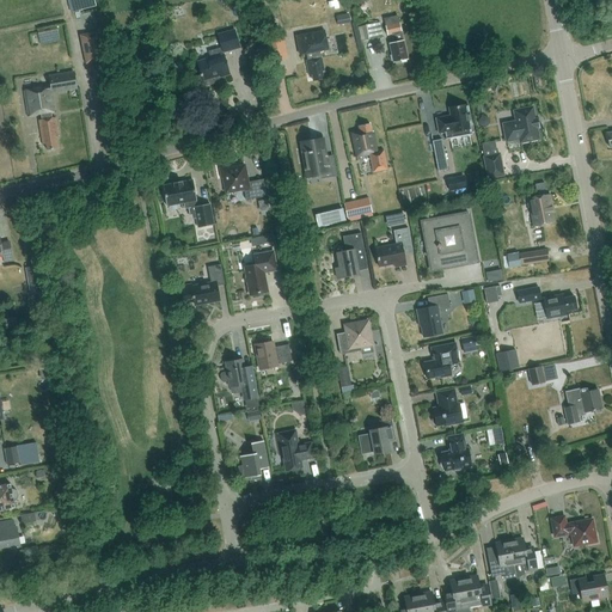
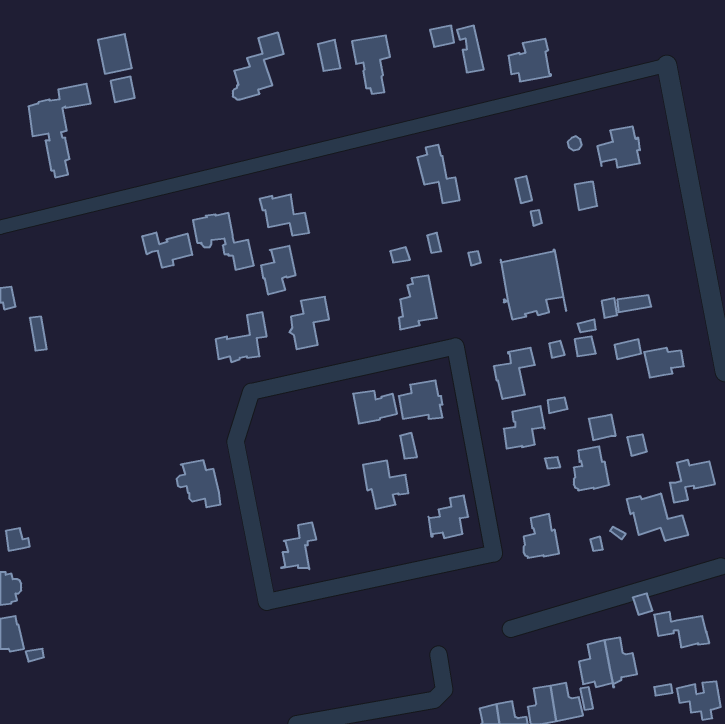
building: [436,103,472,139] -> [508,39,551,81]
building: [302,137,333,177] -> none
building: [530,195,553,225] -> none
building: none -> [142,232,192,268]
building: none -> [261,246,295,295]
building: [375,227,411,267] -> none
building: [255,341,292,368] -> [353,391,397,424]
building: [220,359,257,398] -> [177,460,221,507]
building: [433,388,463,426] -> [574,446,609,490]
building: none -> [627,493,688,541]
building: [275,429,313,470] -> [363,461,408,509]

